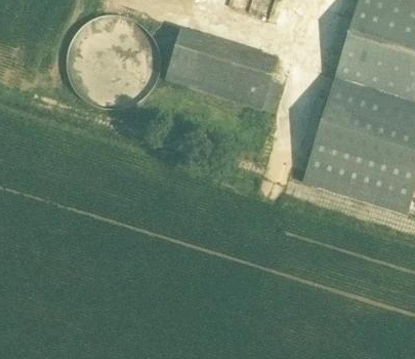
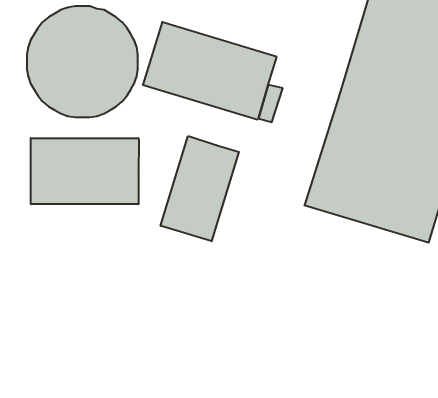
building: none -> [161,136,239,241]
building: none -> [31,138,139,204]

